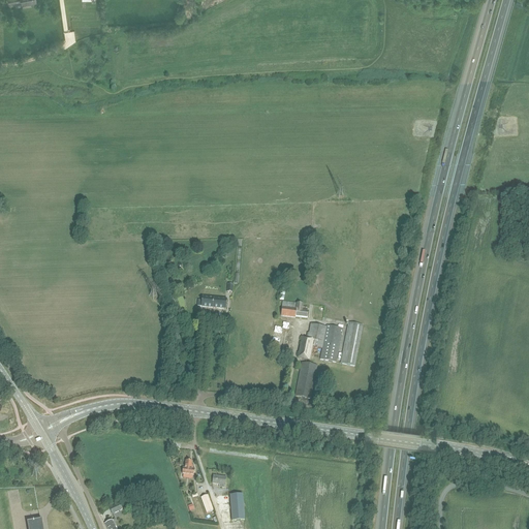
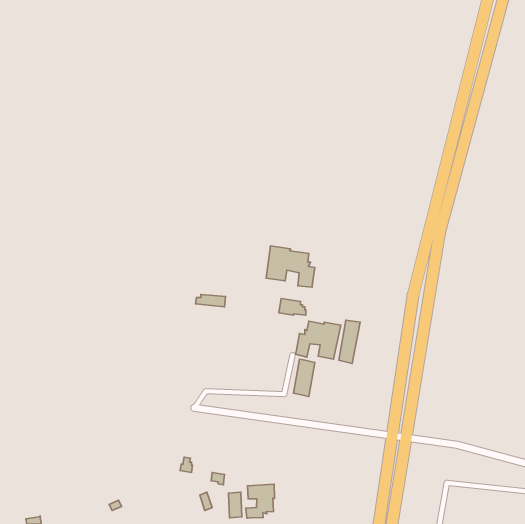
building: none -> [266,246,315,287]
building: none -> [246,484,275,518]

